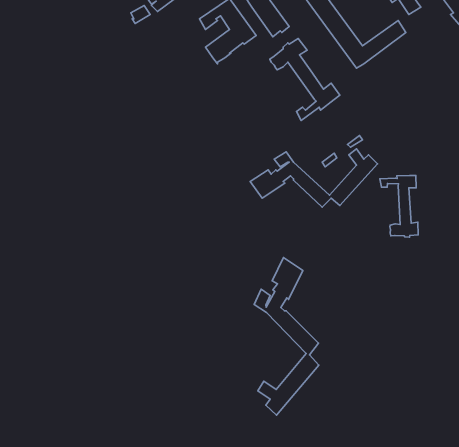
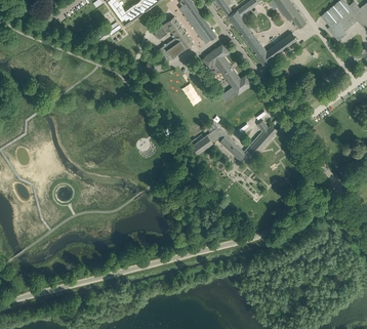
building: [380,175,418,237] -> none
building: [254,257,319,415] -> none

